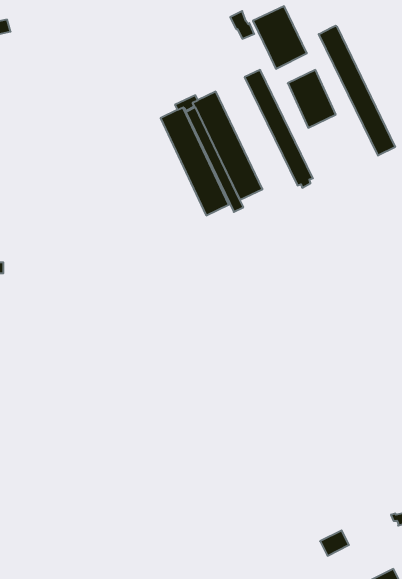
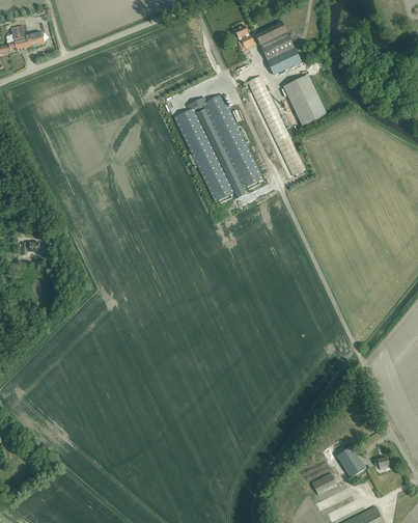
building: [319,26,395,156] -> none
building: none -> [336,446,366,477]

